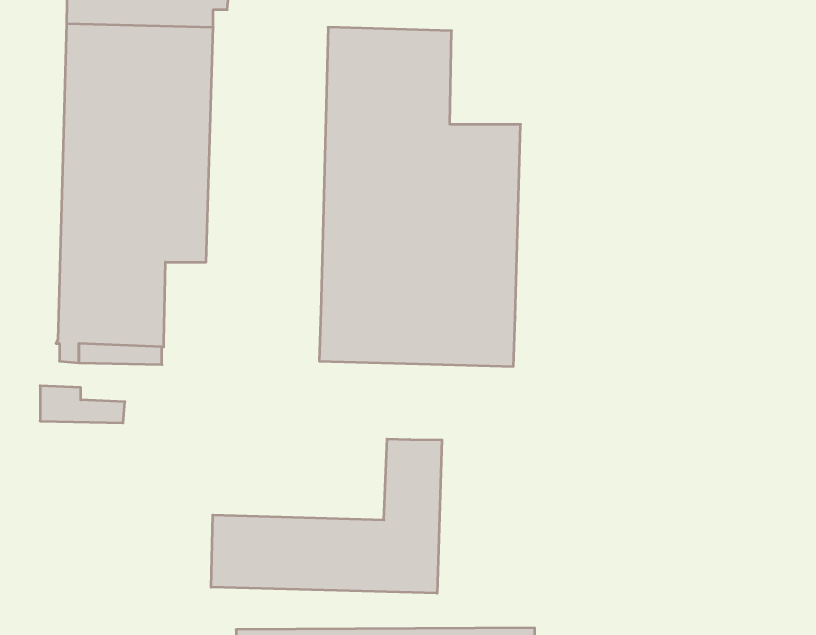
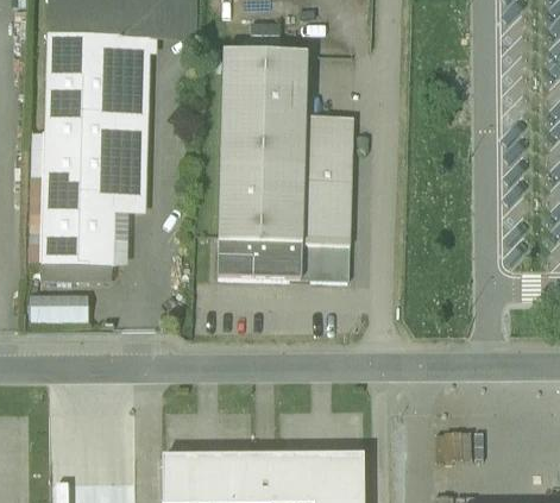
building: [211,439,442,593] -> none

